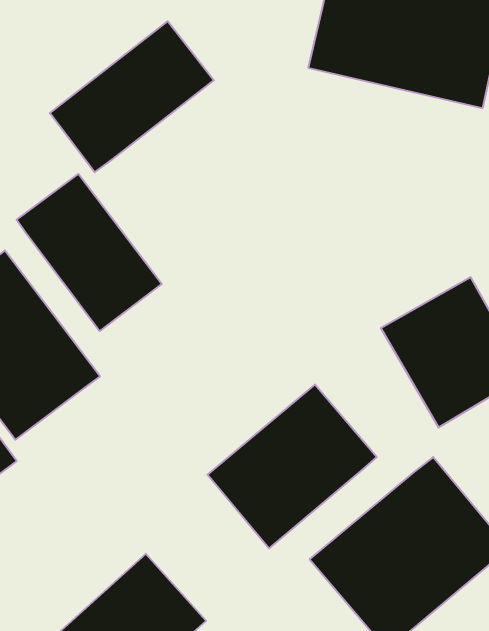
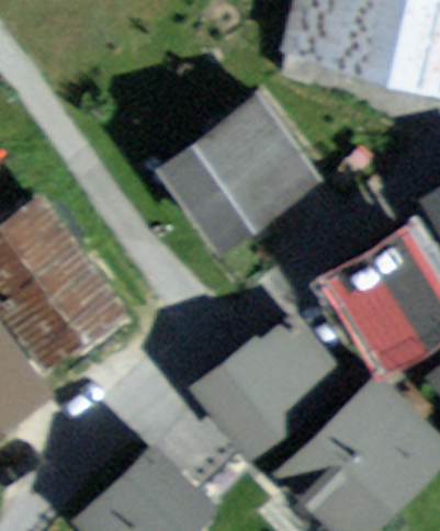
building: [50,21,214,172] -> none
building: none -> [161,99,314,248]
building: [17,174,162,331] -> none

